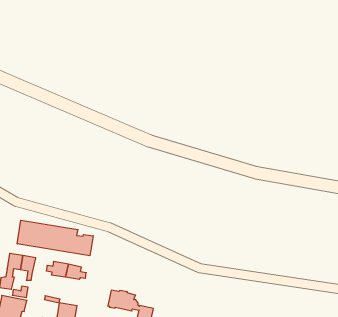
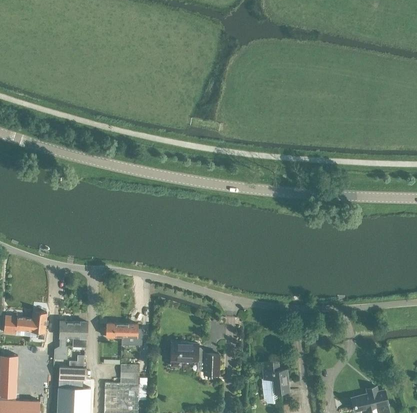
building: [17,220,93,256] -> none

